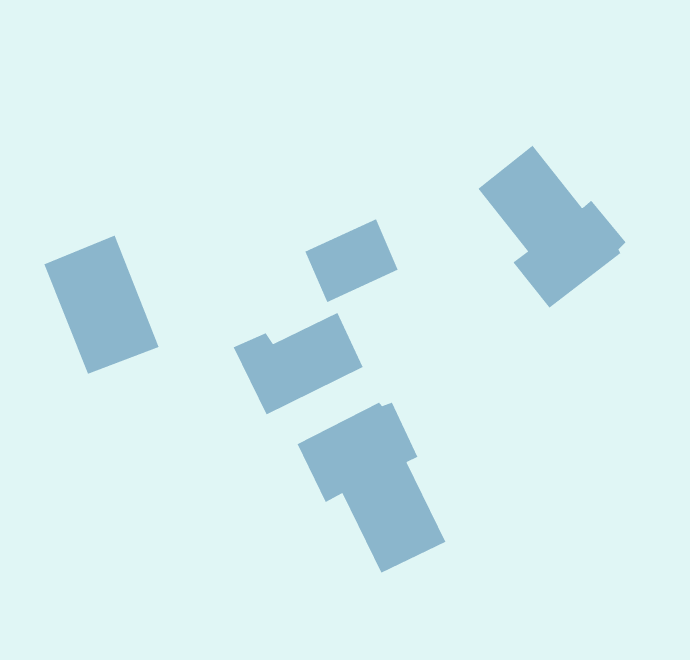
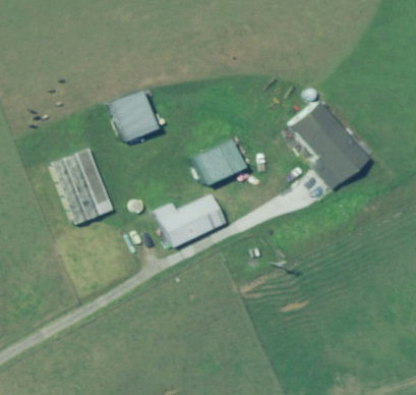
building: none -> [108,88,160,144]
building: [297,402,446,574] -> none

